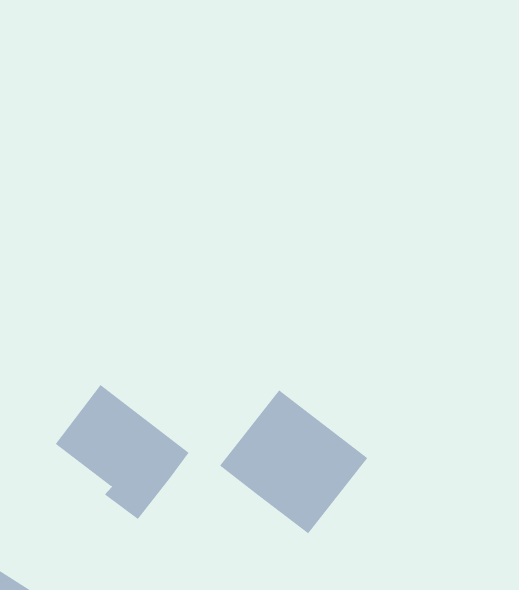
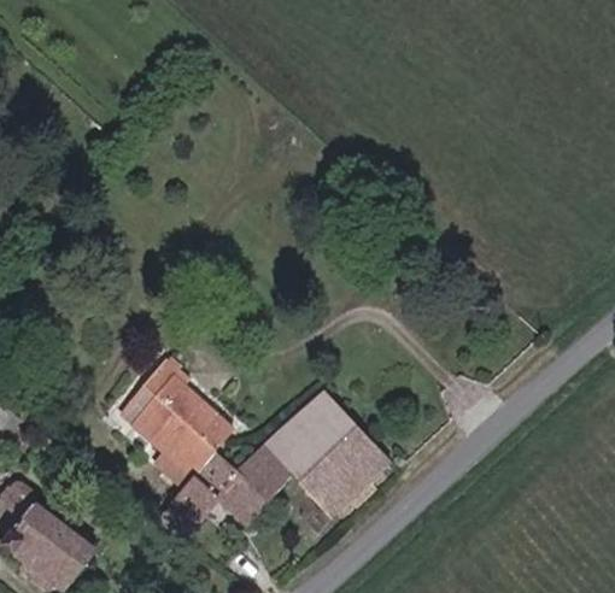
building: none -> [163,447,292,535]

